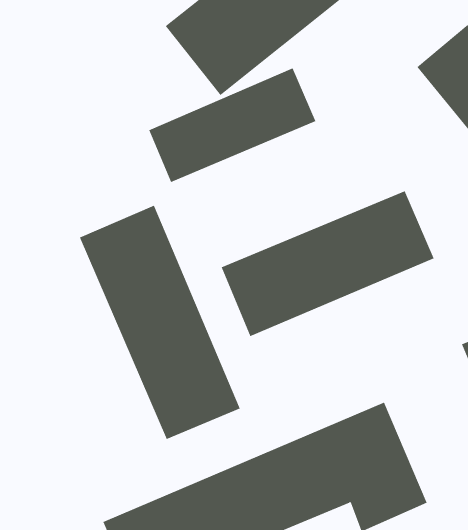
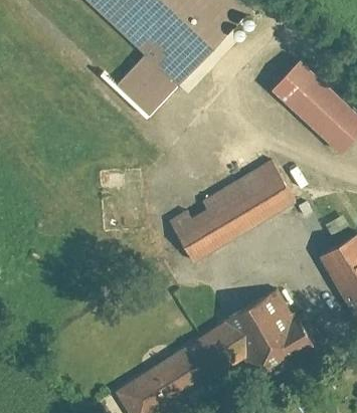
building: [149,68,316,183] -> none
building: [79,205,240,440] -> none

